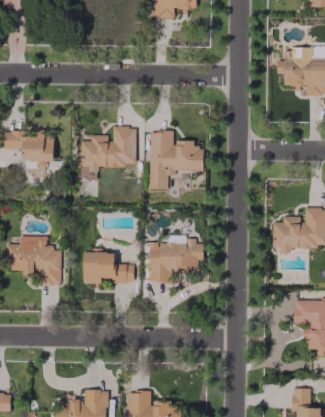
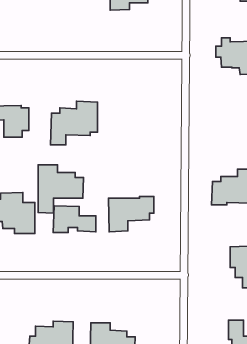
building: [150,131,204,189] -> [38,165,84,213]

